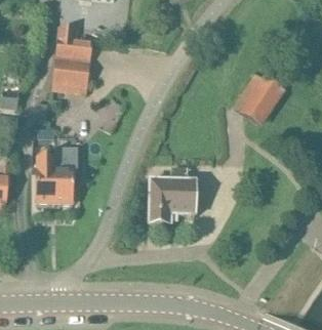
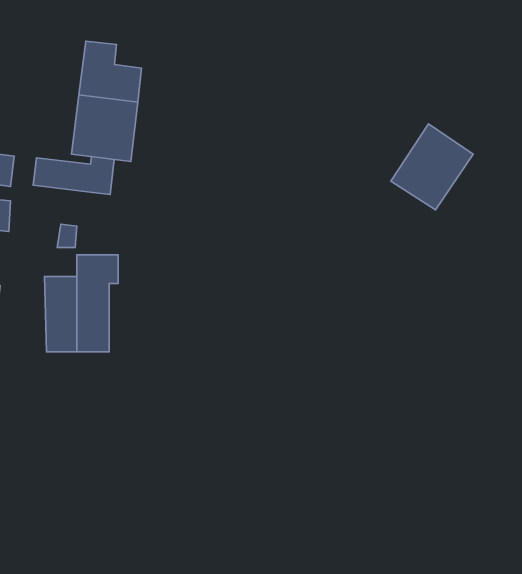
building: none -> [33,157,114,195]
building: [148,167,196,222] -> none

